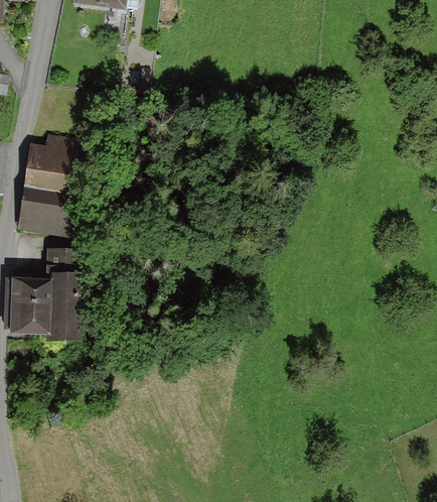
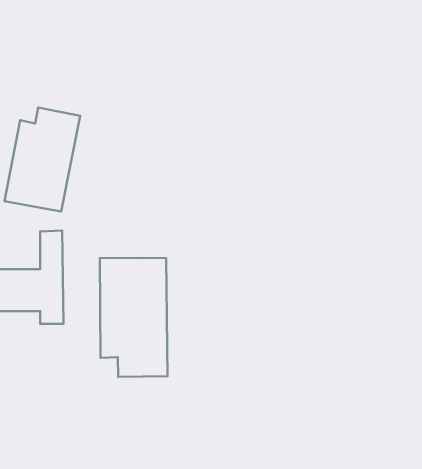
building: none -> [100,258,167,377]

